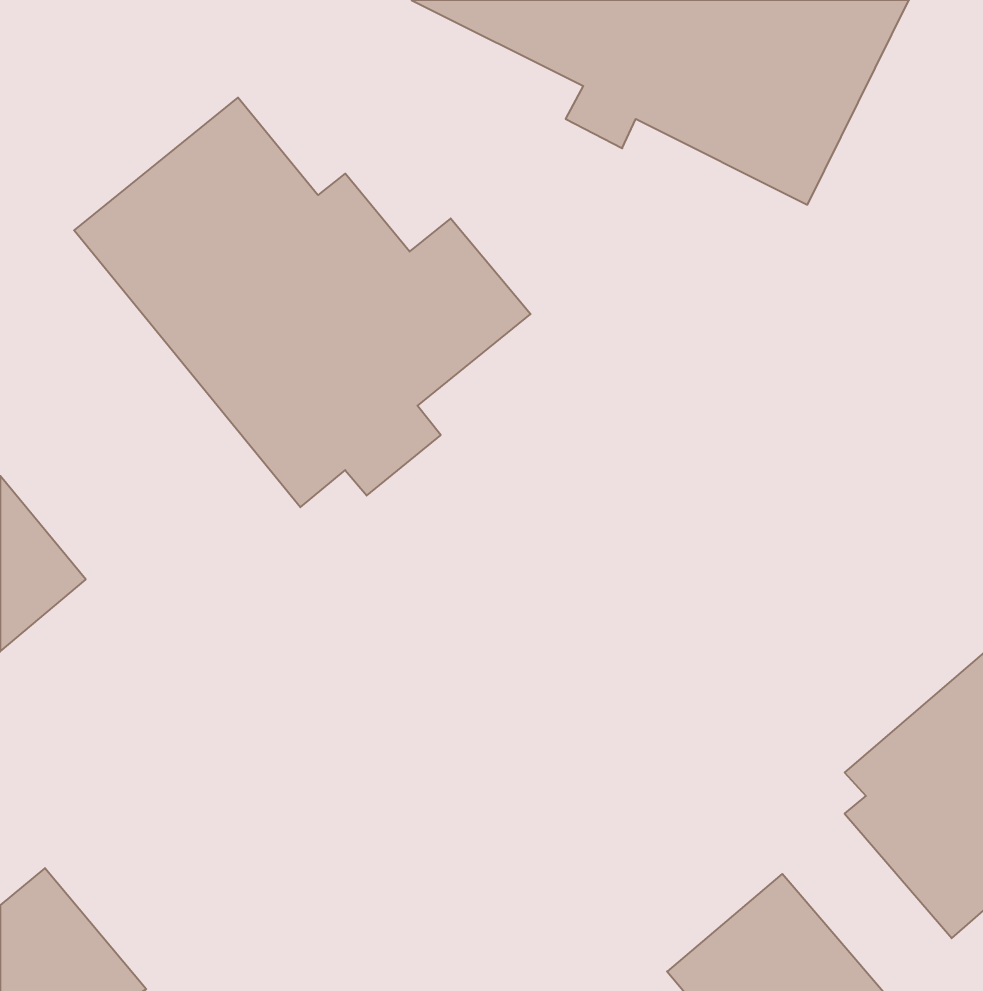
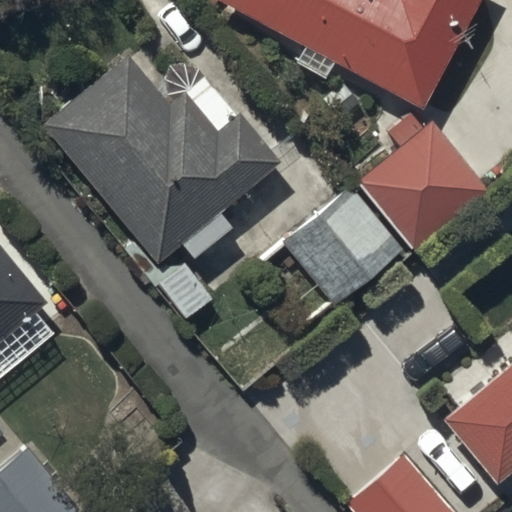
building: none -> [282,112,489,305]

